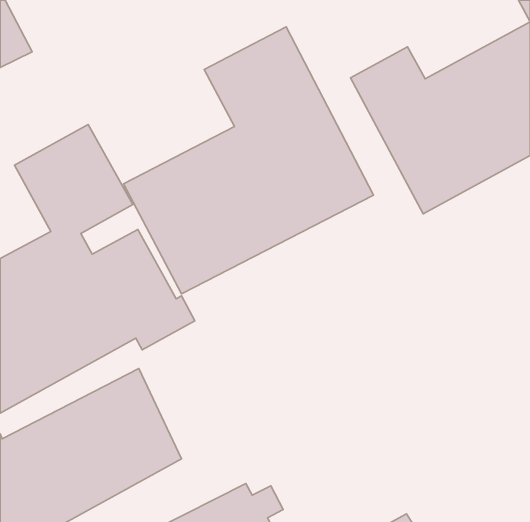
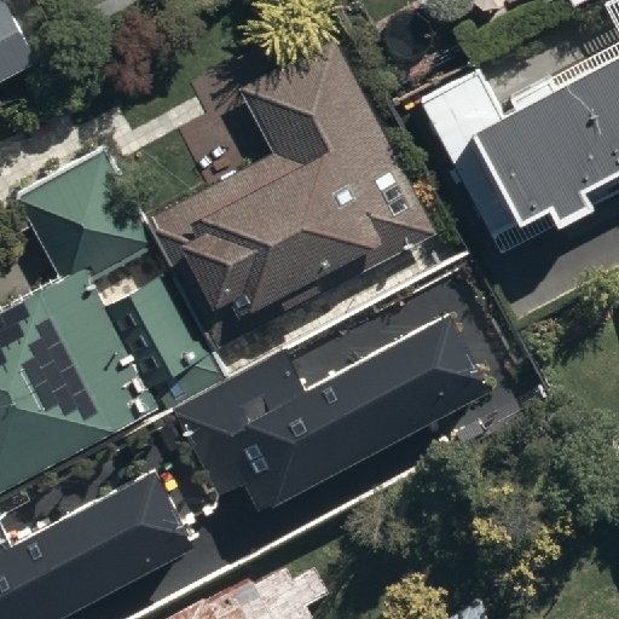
building: none -> [175,311,490,509]

